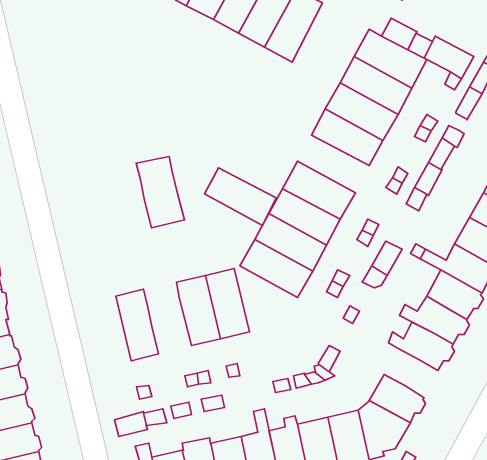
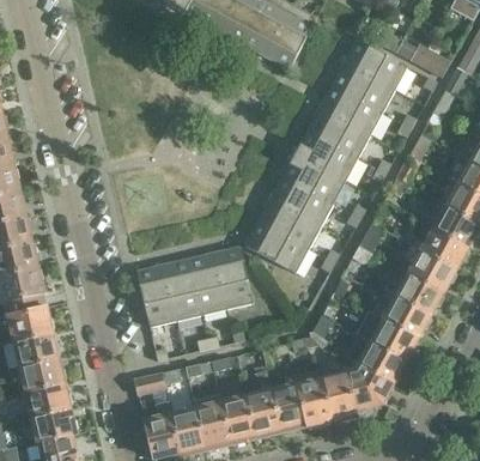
building: [136,156,184,228] -> [160,260,202,322]
building: [205,168,276,225] -> [294,132,357,182]
building: none -> [357,310,418,360]

